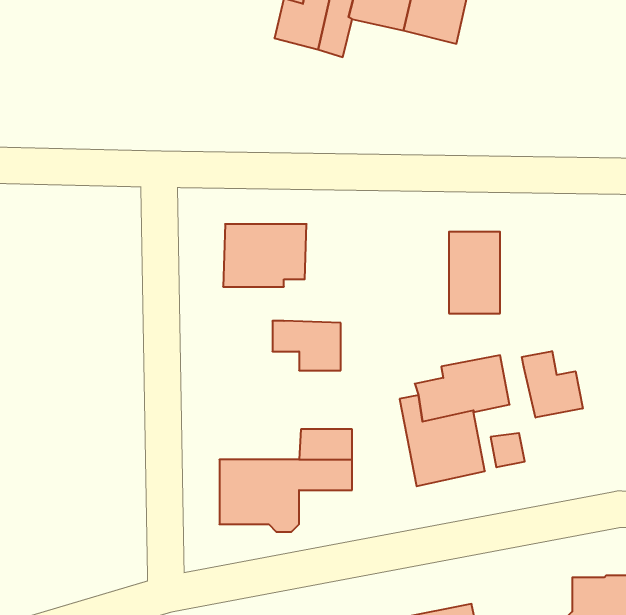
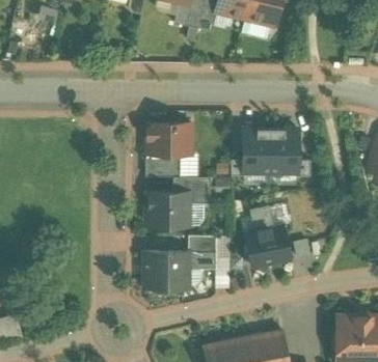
building: none -> [242,129,269,173]
building: none -> [144,159,179,177]
building: none -> [144,193,187,226]
building: [522,351,583,418] -> none

